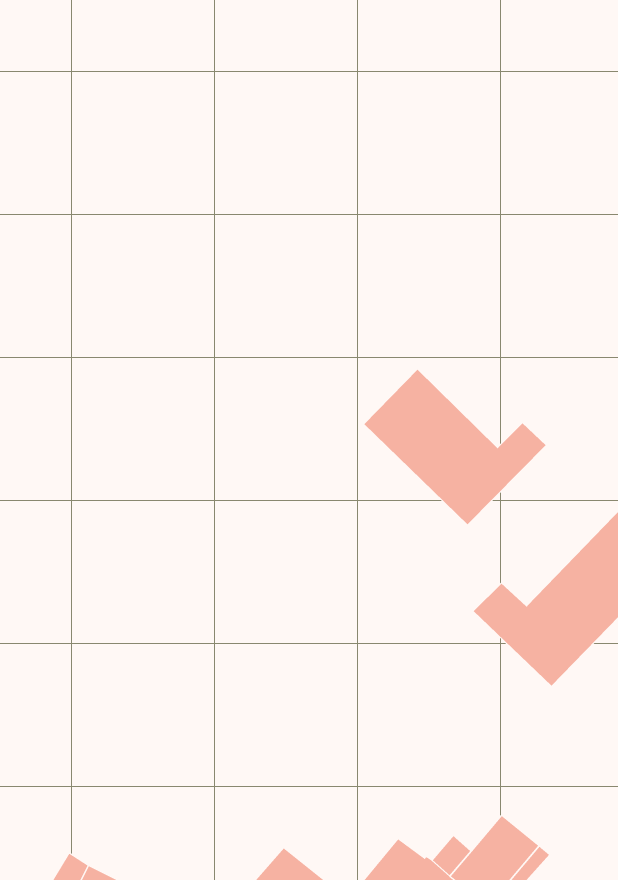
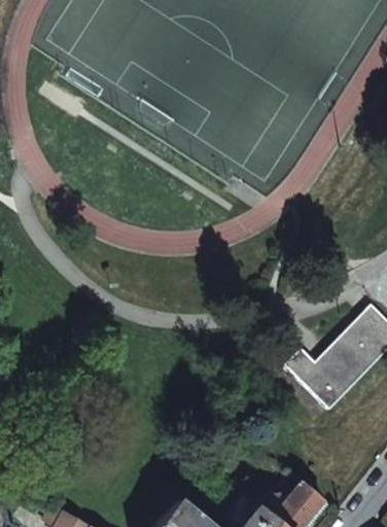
building: [363,369,546,525] -> none

